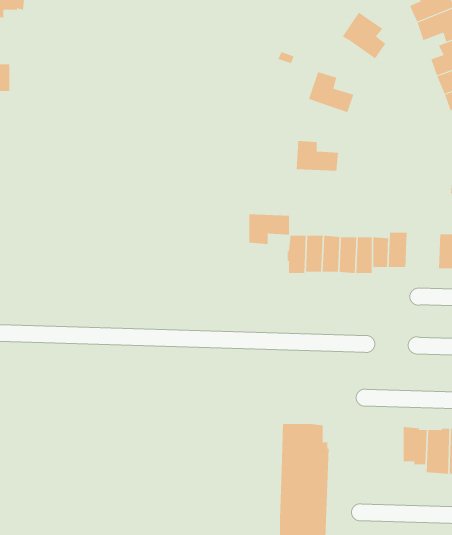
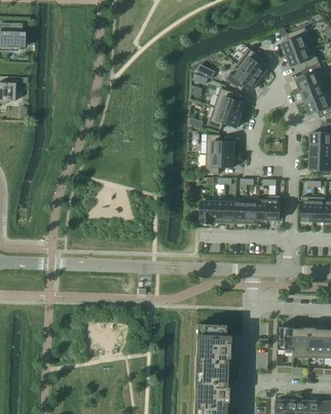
building: none -> [226,67,260,90]
building: none -> [209,106,242,128]
building: [249,214,290,244] -> [207,153,234,174]

